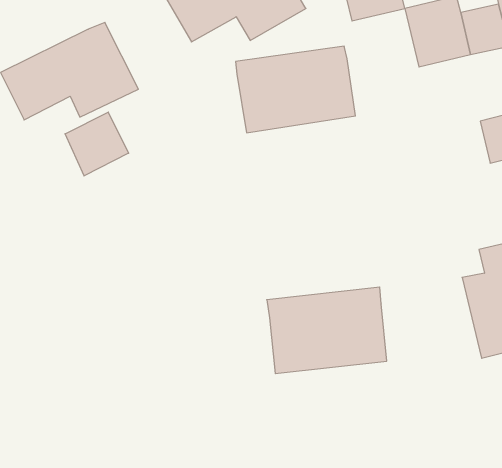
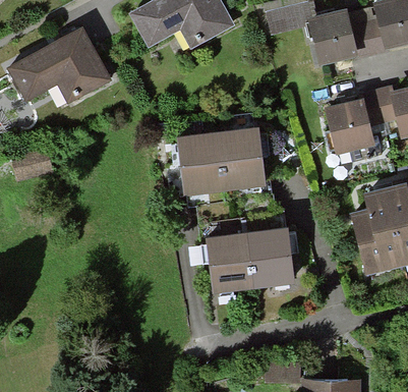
building: [236,46,355,133] -> [179,130,267,193]
building: [65,112,129,176] -> none
building: none -> [322,105,371,160]

